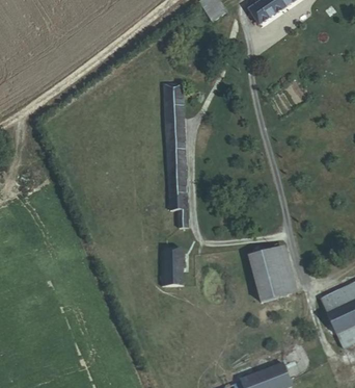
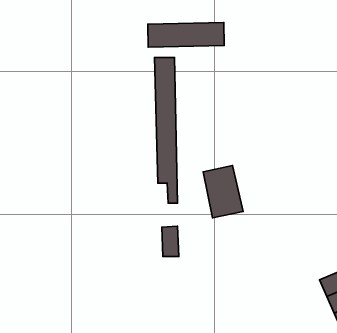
building: none -> [148,22,224,47]
building: [253,244,293,296] -> [203,166,243,218]

